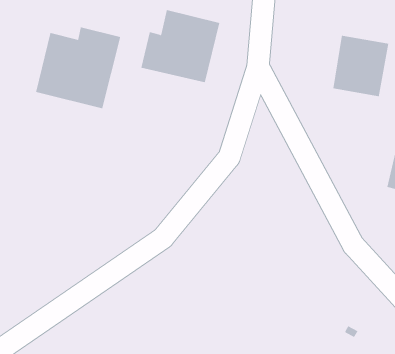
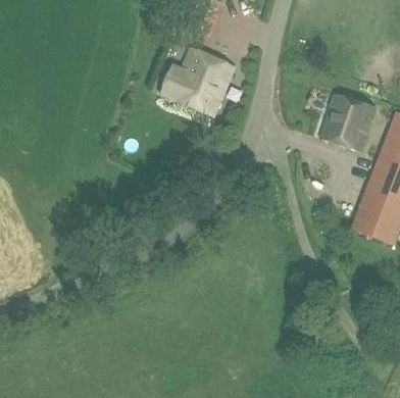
building: [35,26,121,109] -> none

